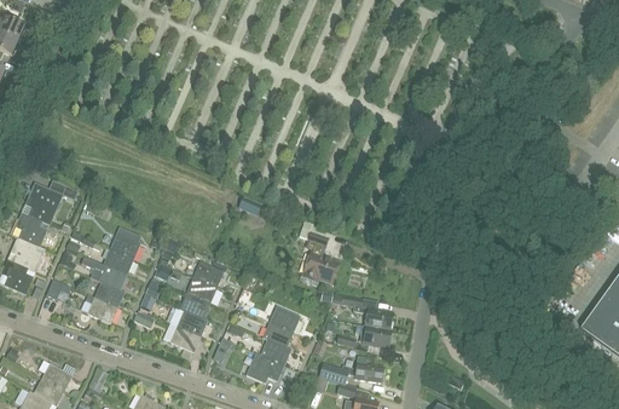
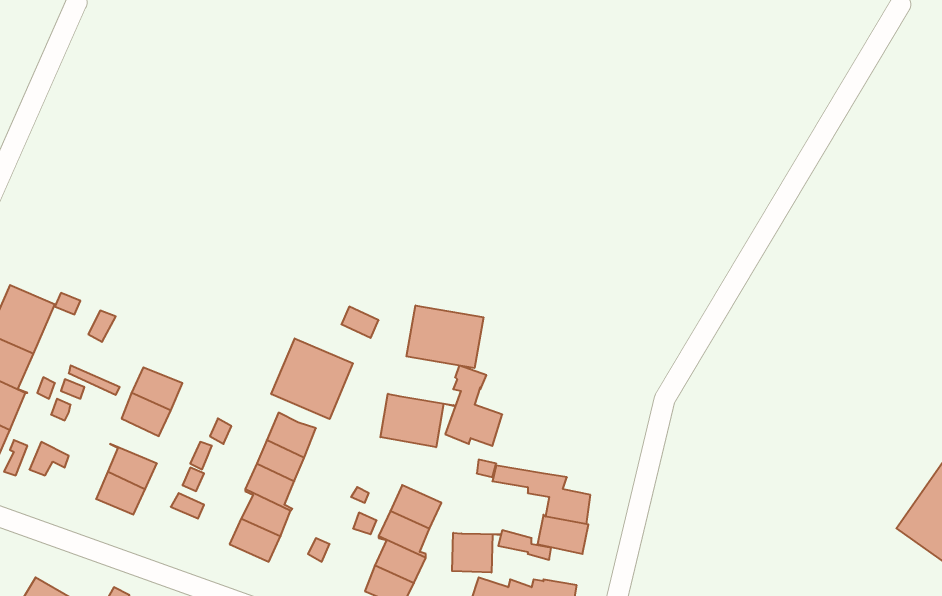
building: none -> [406,305,483,368]
building: none -> [271,338,353,419]
building: none -> [380,394,455,447]
building: [87,258,126,292] -> none
building: none -> [452,533,501,573]

